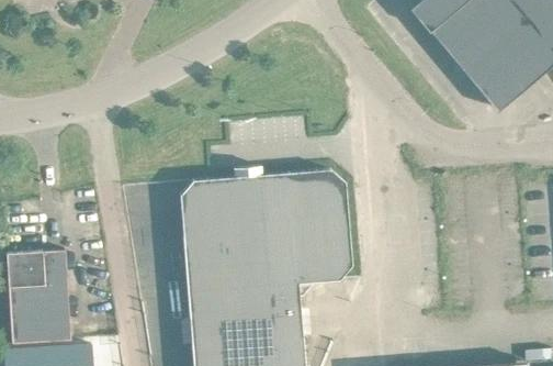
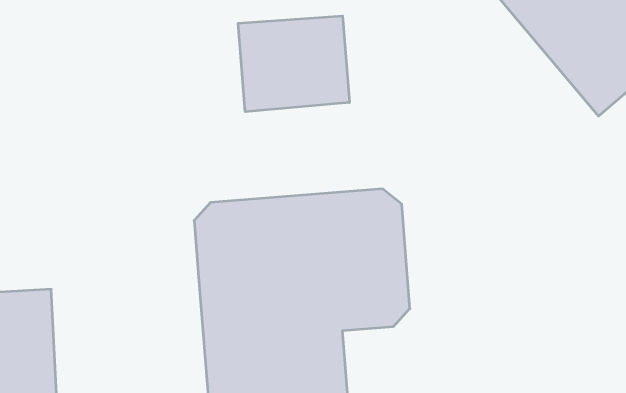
building: none -> [238,16,349,112]

